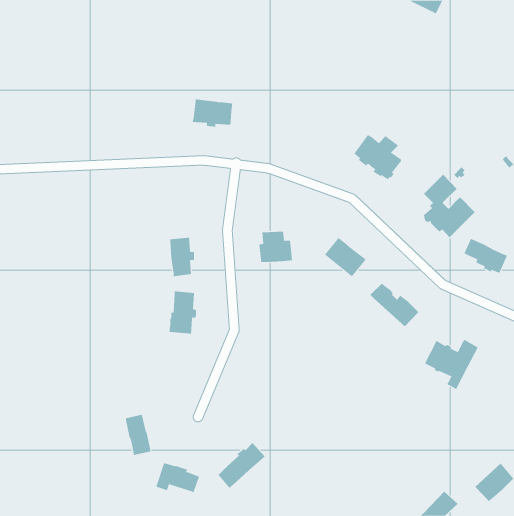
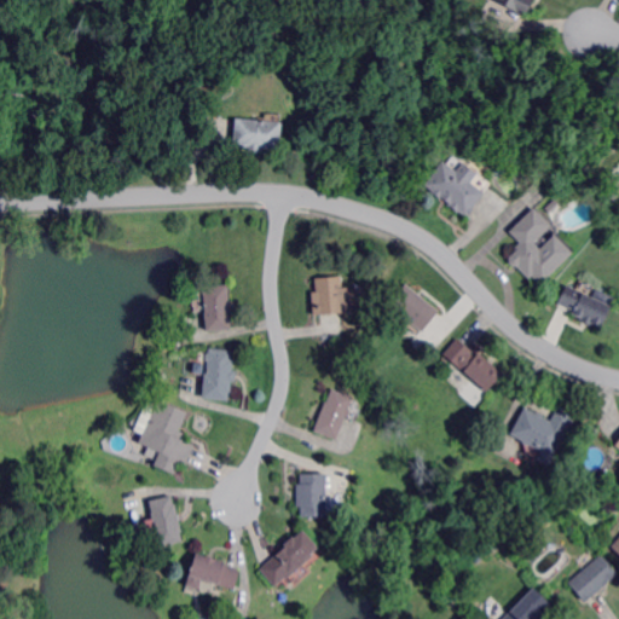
building: none -> [314,388,352,439]
building: none -> [138,399,193,474]
building: none -> [296,474,325,516]

